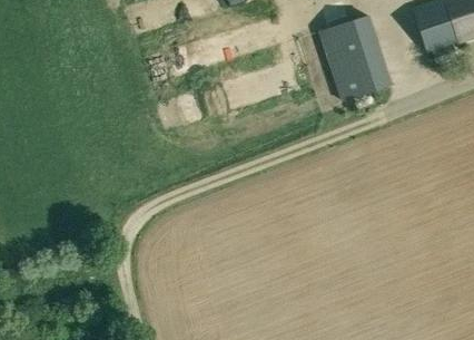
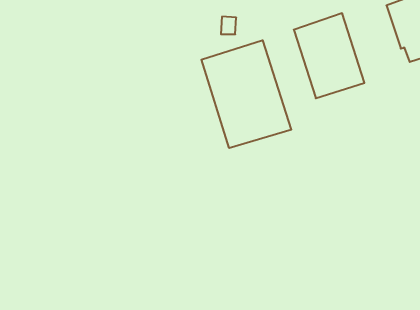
building: none -> [201,40,291,148]

